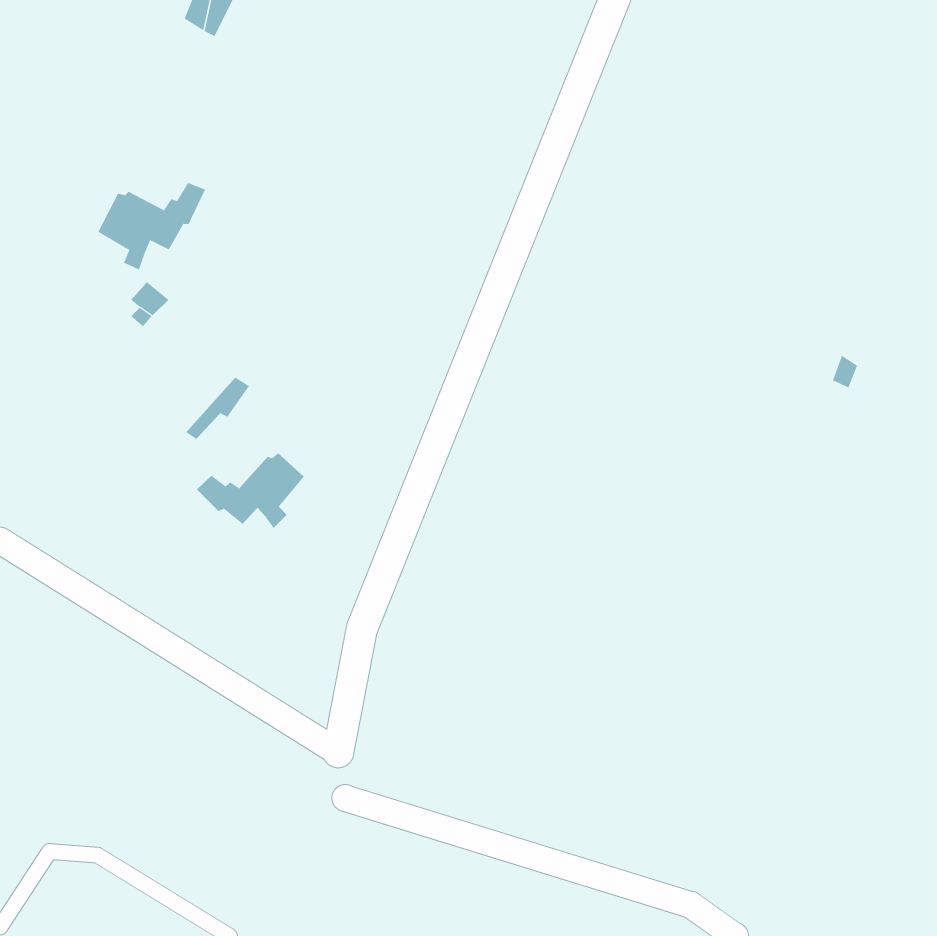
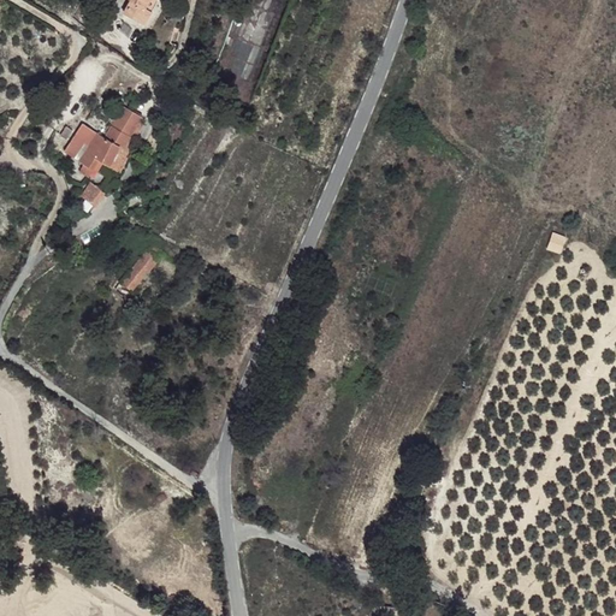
building: [196,453,305,529] -> none

